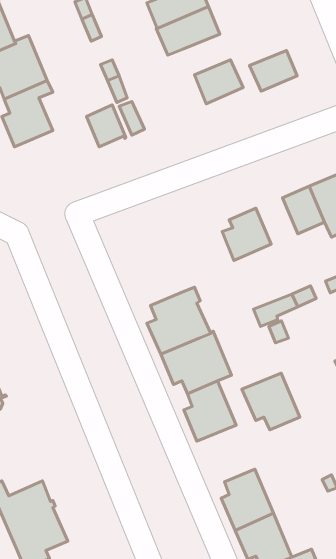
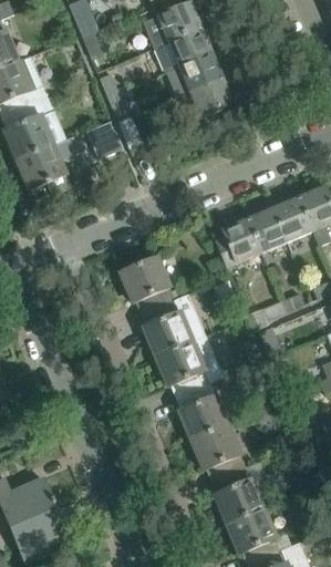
building: [250,50,297,91] -> [177,51,223,90]
building: none -> [17,133,80,189]
building: none -> [247,207,287,251]
building: none -> [120,256,175,310]
building: [242,373,300,430] -> [190,424,246,478]

